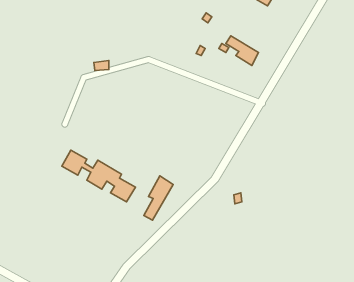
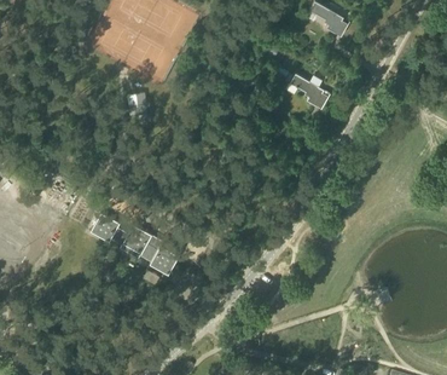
building: [144,176,173,220] -> none

